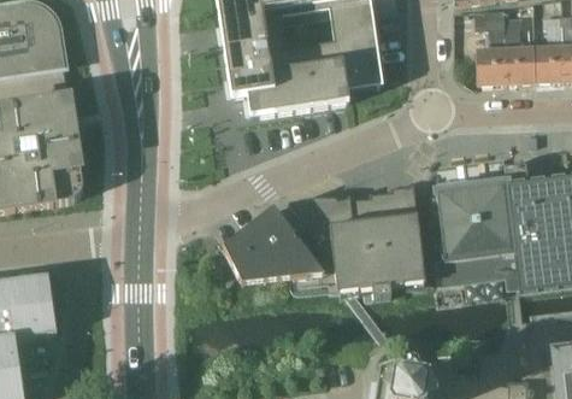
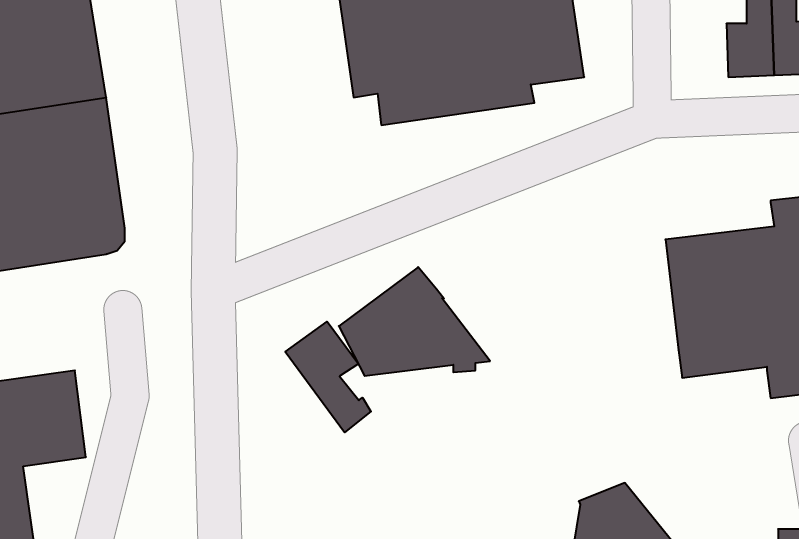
building: [285,184,425,298] -> none
building: none -> [285,322,371,432]

